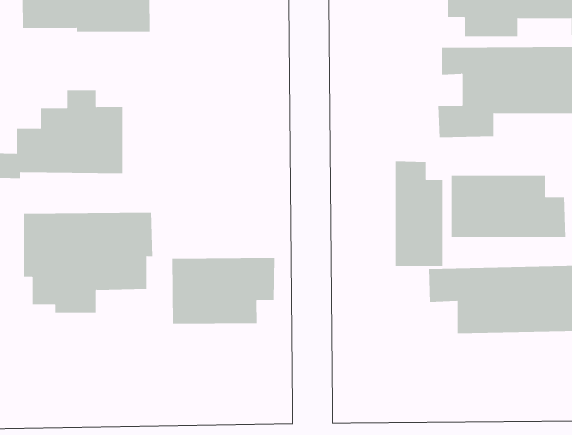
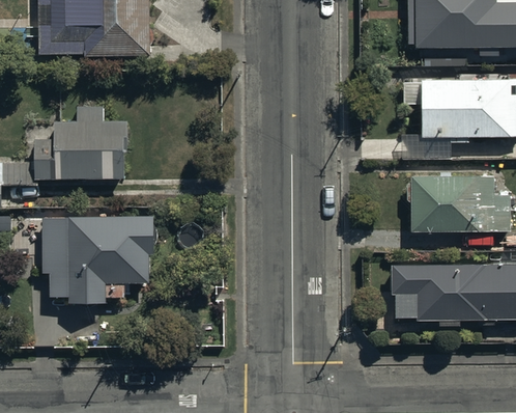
building: [395,160,443,267] -> none
building: [172,257,275,325] -> none

